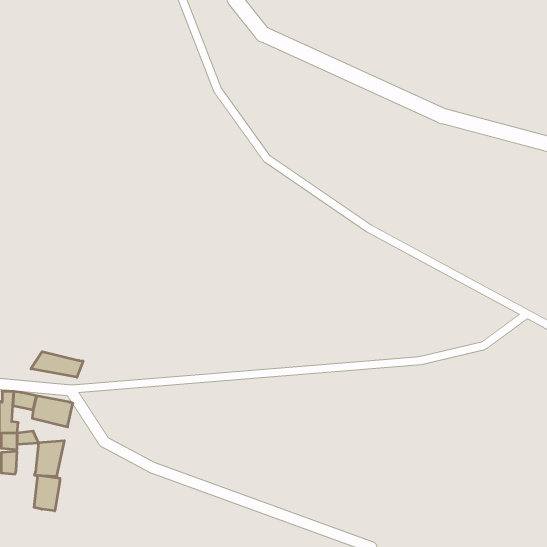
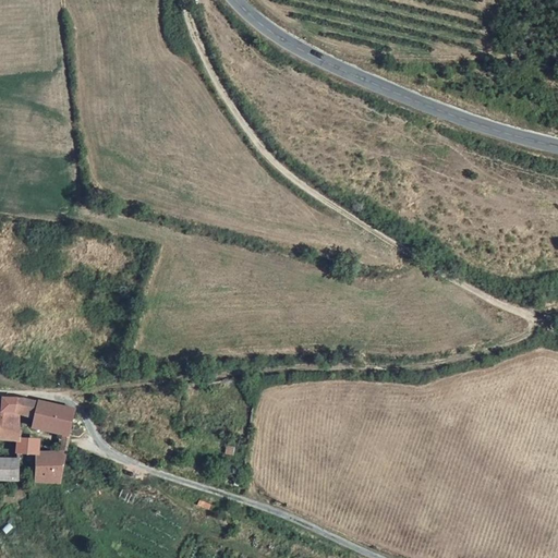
building: [31,352,83,377] -> none
building: [34,475,60,511] -> none

